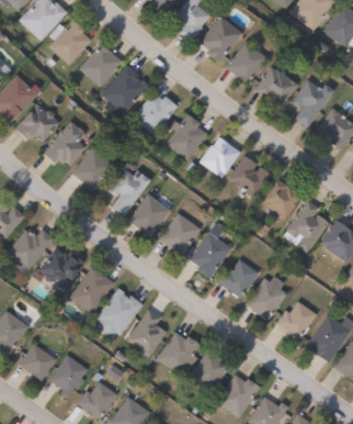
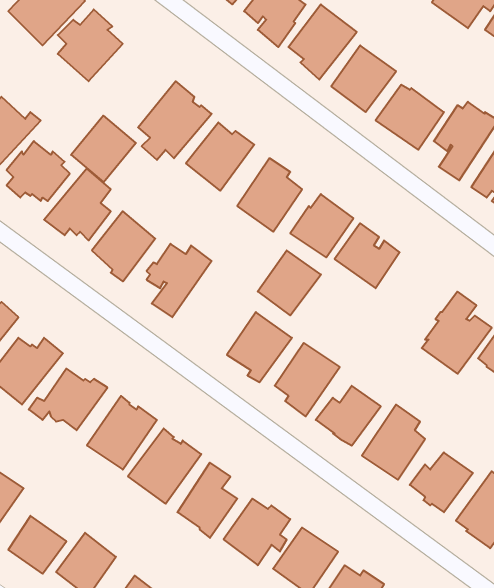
building: [79,43,121,86] -> [71,116,136,182]
building: [260,176,300,219] -> none
building: [128,193,169,235] -> [258,250,321,315]

